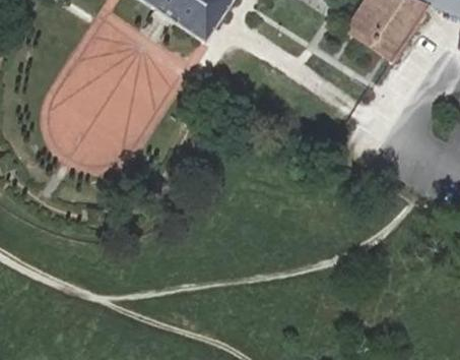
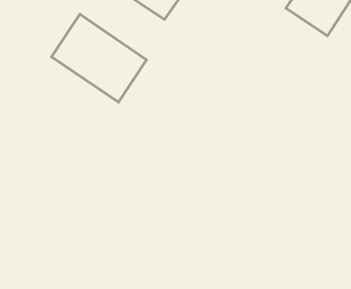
building: none -> [51,14,146,102]

